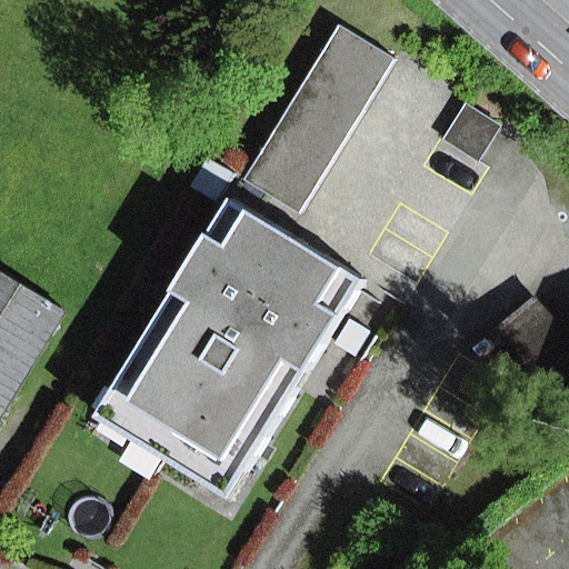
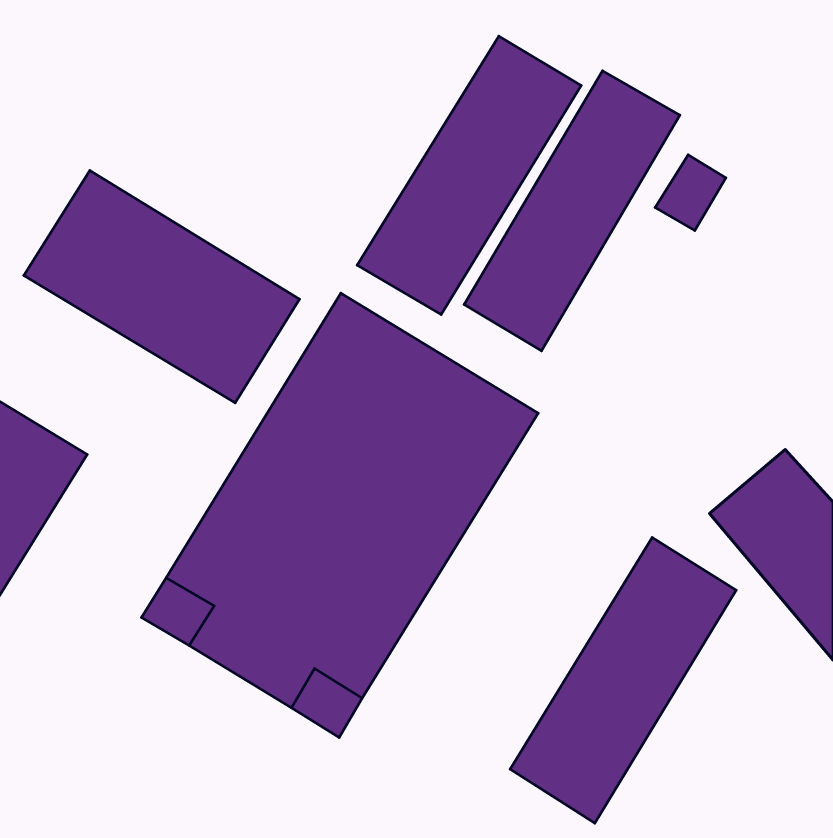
building: none -> [24,171,300,403]
building: none -> [510,538,736,823]

